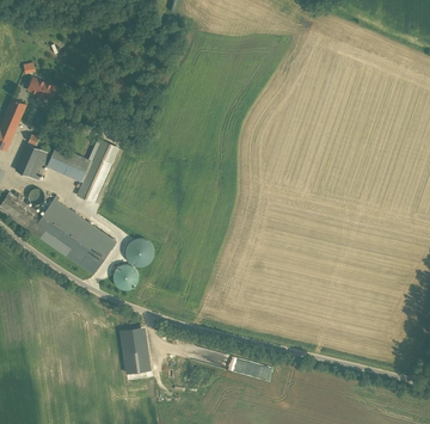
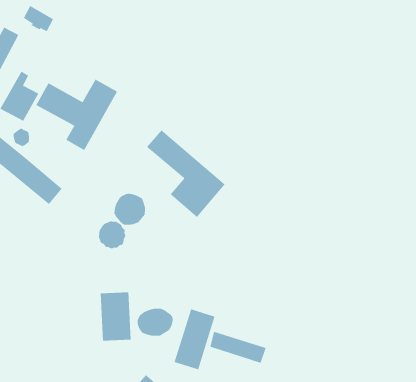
building: [42,197,116,274] -> [146,130,225,218]
building: none -> [174,309,215,370]
building: none -> [137,308,173,336]

